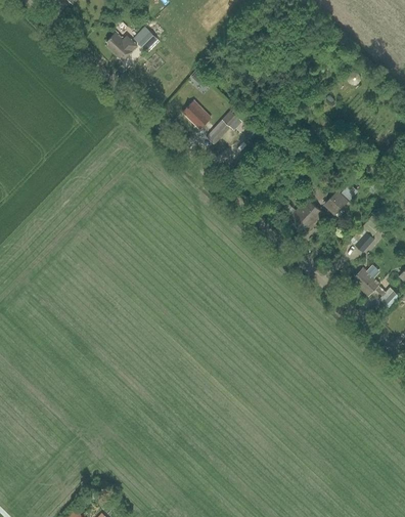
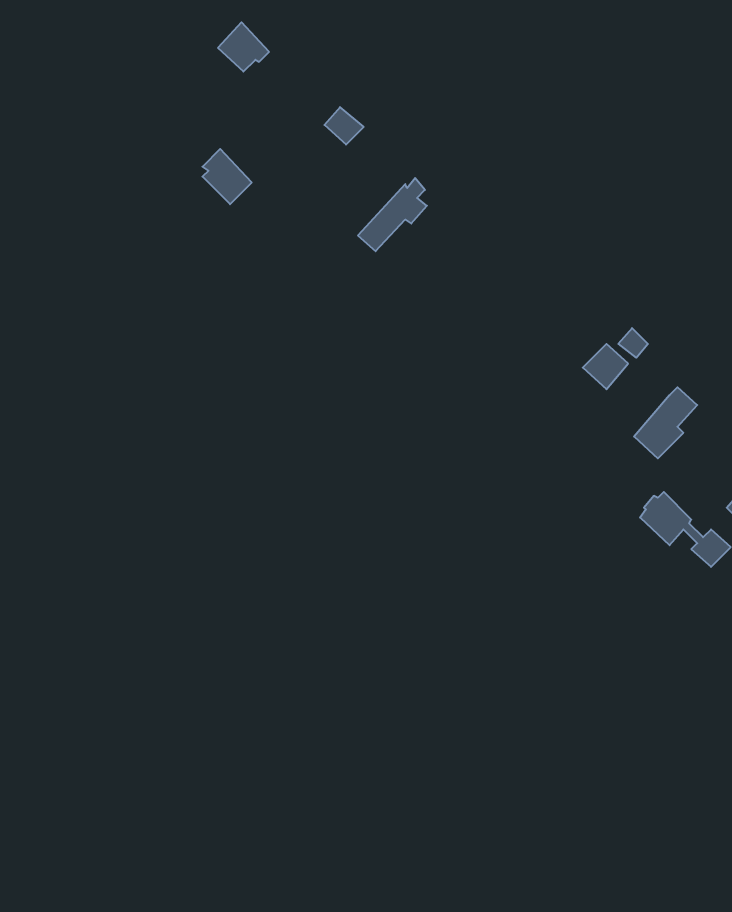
building: [107,33,138,61] -> none
building: [185,101,211,130] -> [202,149,252,204]
building: [288,198,324,232] -> none

